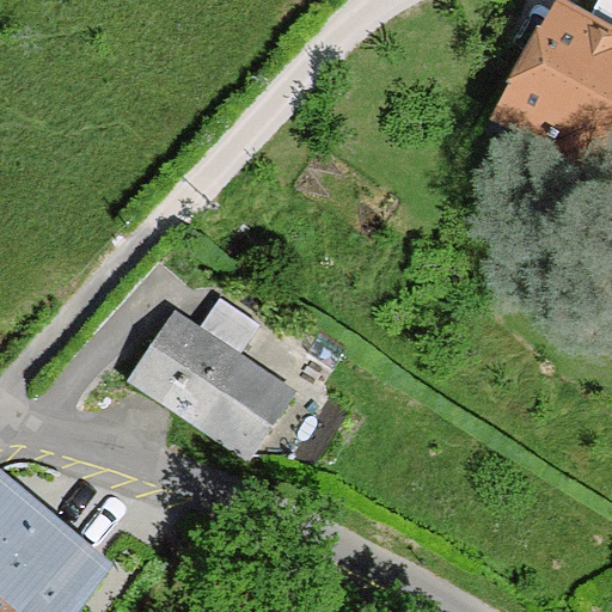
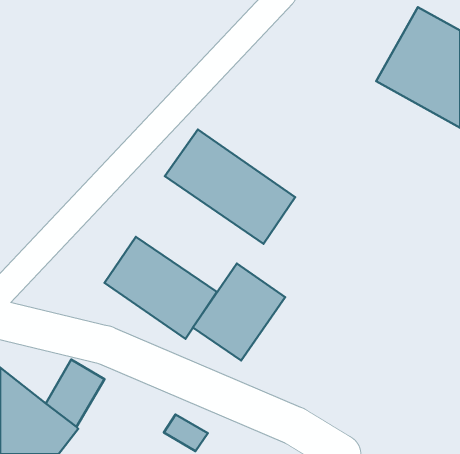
building: none -> [165,130,295,244]
building: none -> [193,263,285,361]

